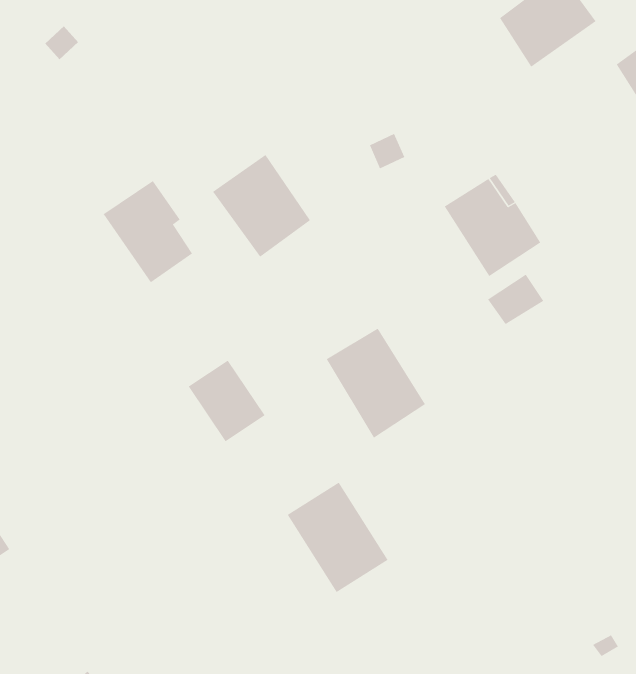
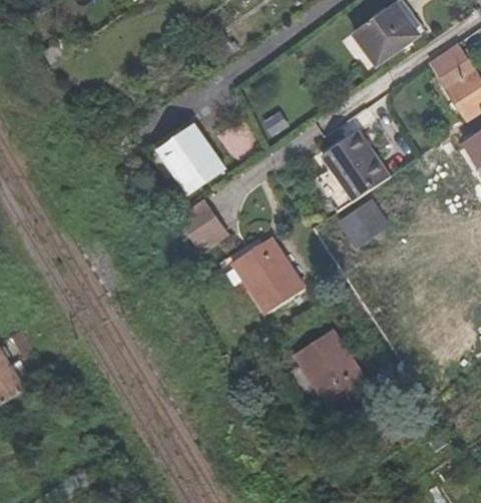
building: [103,180,193,283] -> none
building: [188,360,266,442] -> [181,194,233,249]
building: [287,482,388,593] -> [295,332,363,406]

